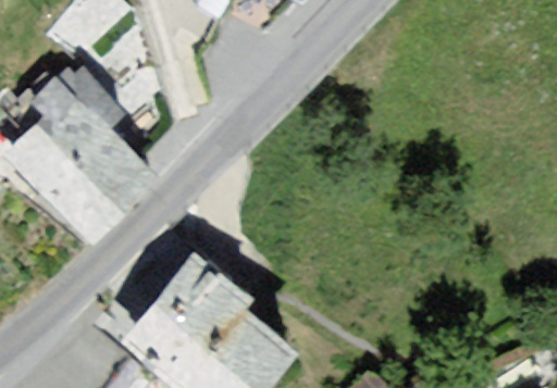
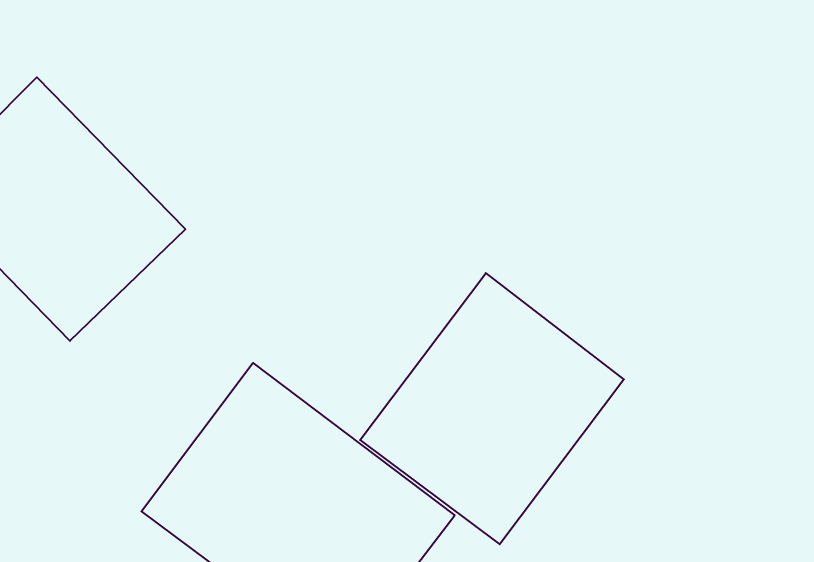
building: none -> [360,273,624,544]

